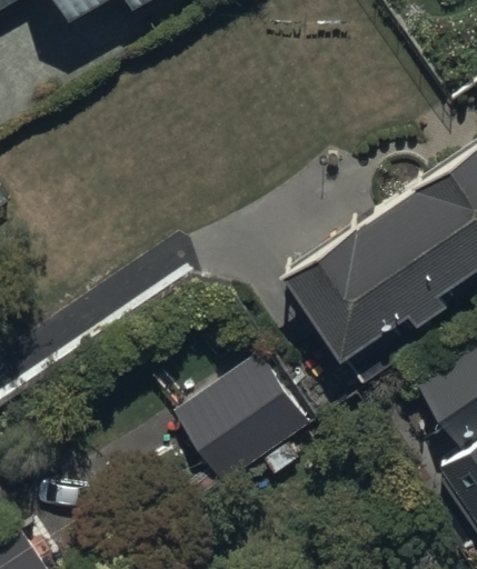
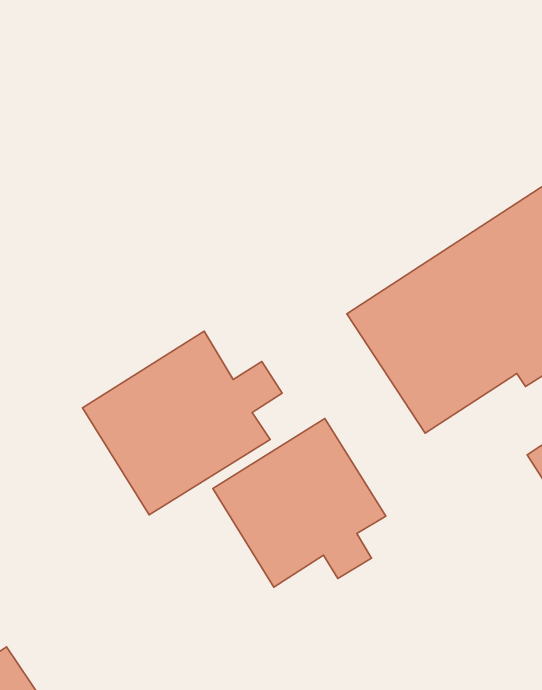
building: none -> [82,331,282,515]

